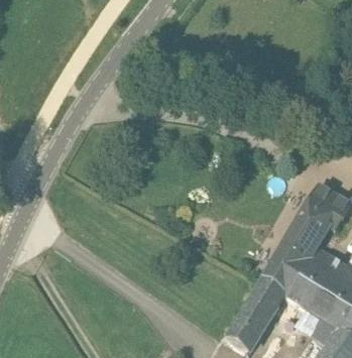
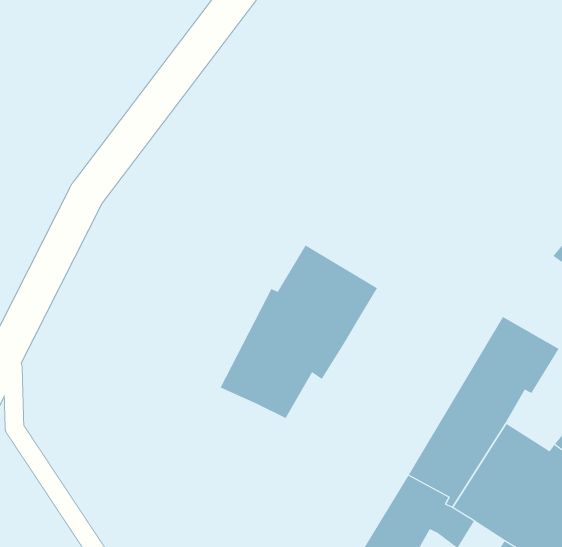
building: none -> [220,244,378,419]

